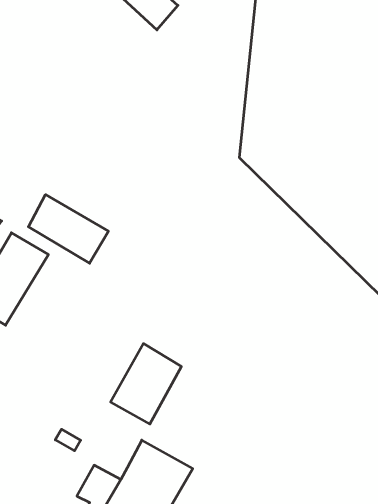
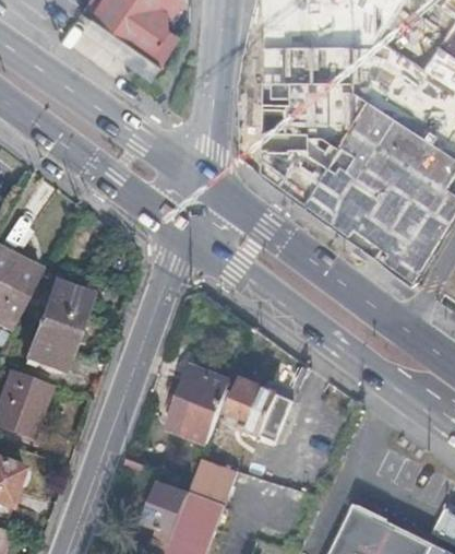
building: [28,195,108,263] -> none
building: none -> [228,379,295,444]

